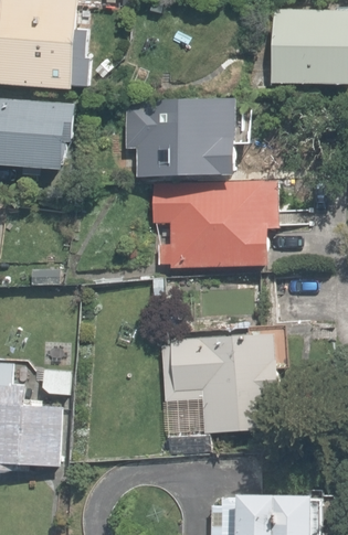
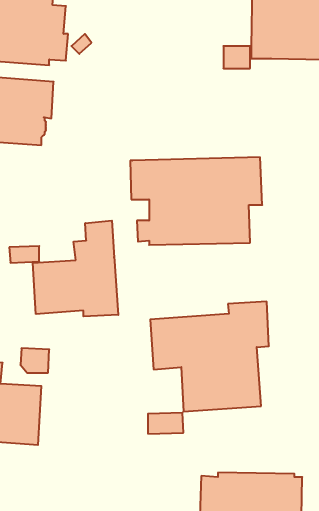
building: [125,98,236,176] -> none
building: none -> [33,221,118,316]

